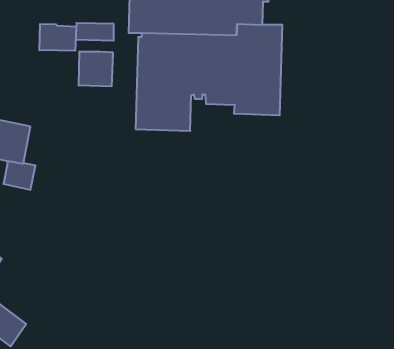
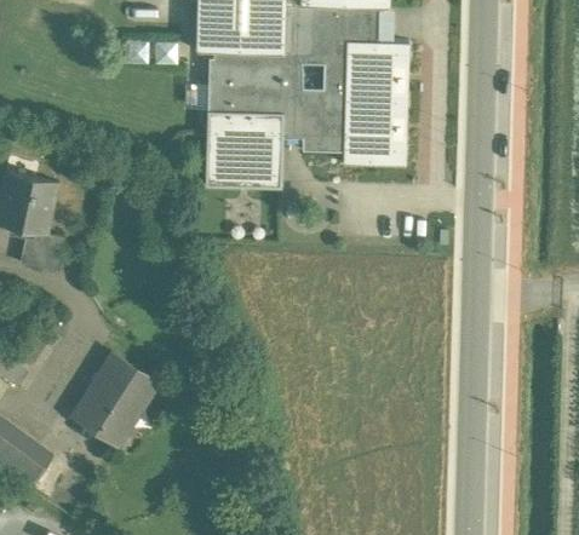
building: [39,24,76,51] -> none
building: [79,51,113,86] -> none
building: none -> [64,353,155,459]

